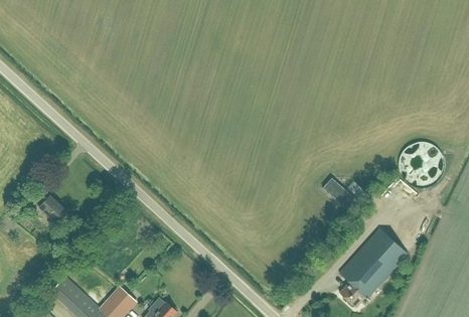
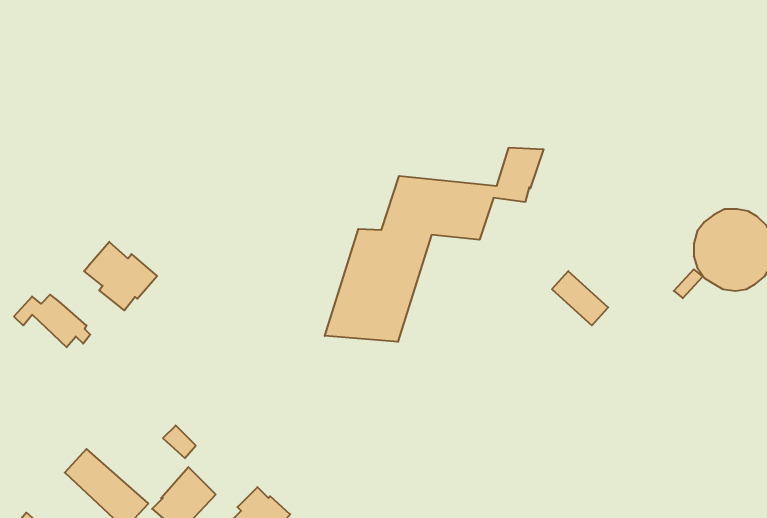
building: none -> [325,148,544,342]
building: none -> [84,242,157,310]
building: [339,227,408,307] -> none

